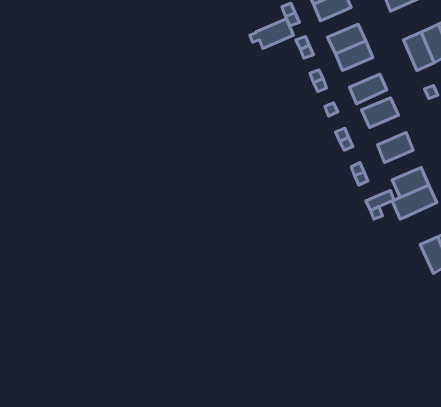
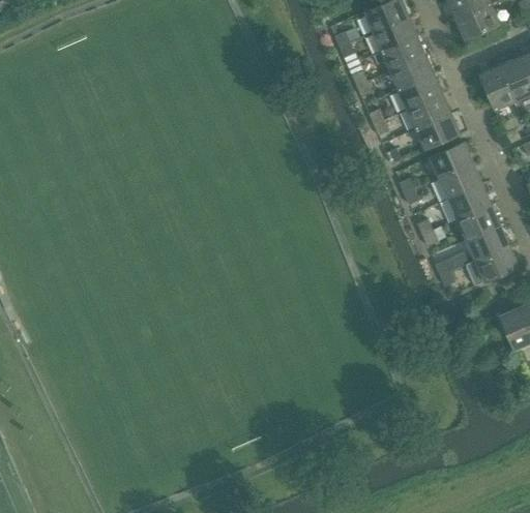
building: [250,19,294,48] -> [373,36,424,71]
building: none -> [406,95,450,130]
building: none -> [438,163,481,199]
building: none -> [455,205,499,240]

